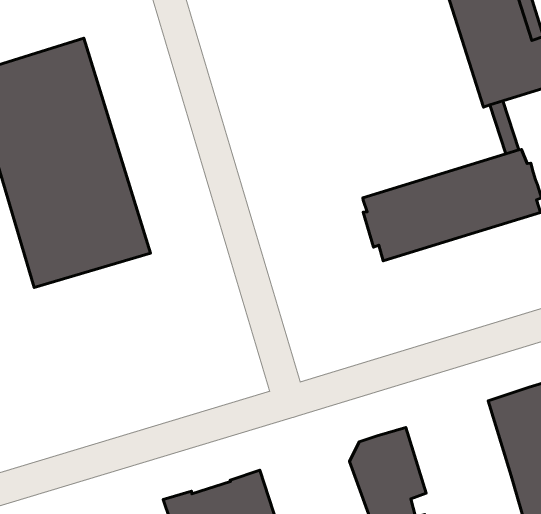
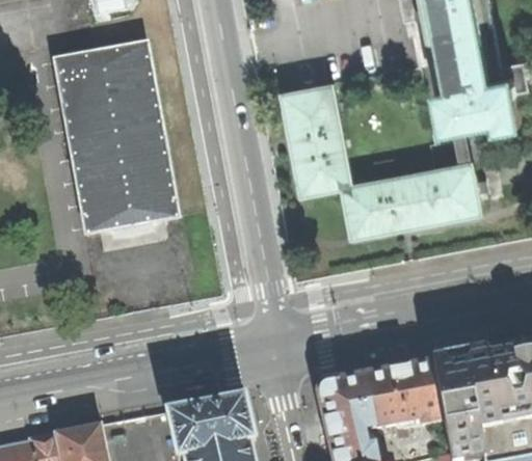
building: none -> [287,87,353,200]
building: none -> [361,359,438,426]

